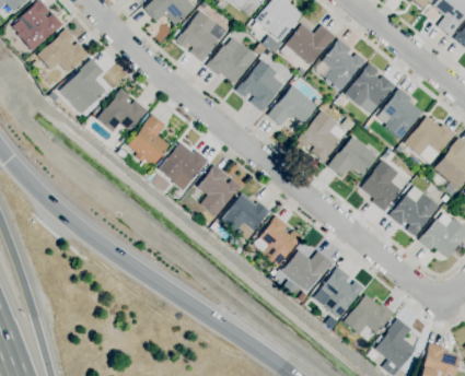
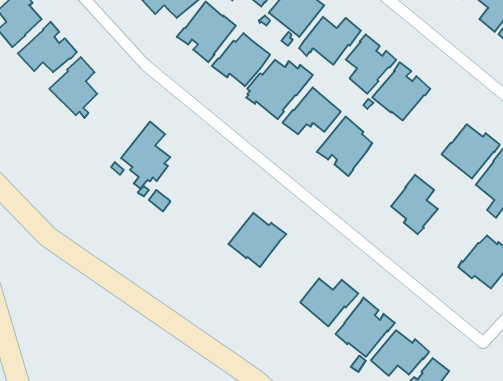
building: [377,87,422,139] -> none
building: [96,89,148,131] -> none
building: [328,137,377,176] -> none
building: [158,141,208,190] -> none
building: [197,165,240,215] -> none
building: [388,186,439,236] -> none
building: [253,215,302,267] -> none

